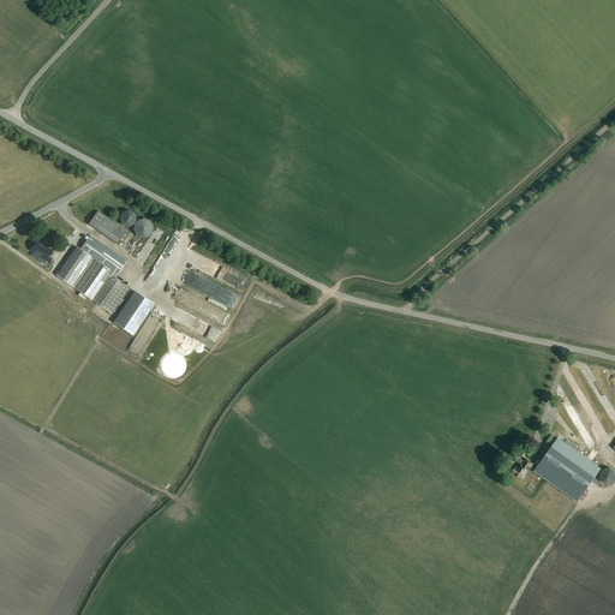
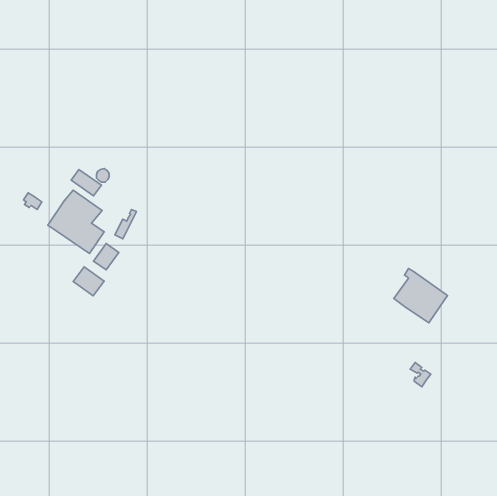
building: none -> [73,267,104,296]
building: [532,432,598,500] -> [394,268,447,323]

